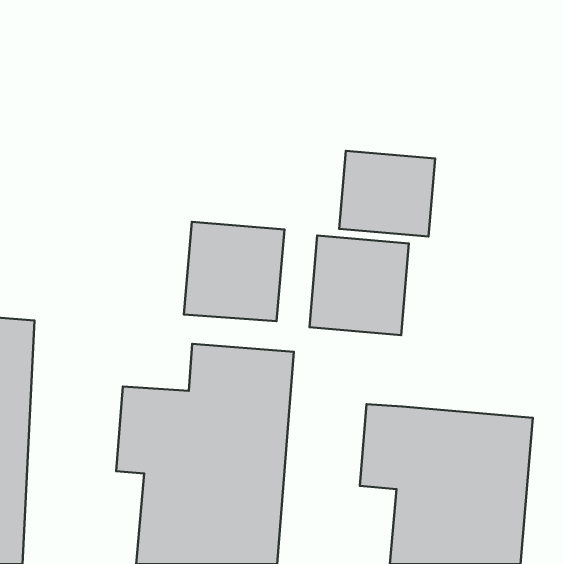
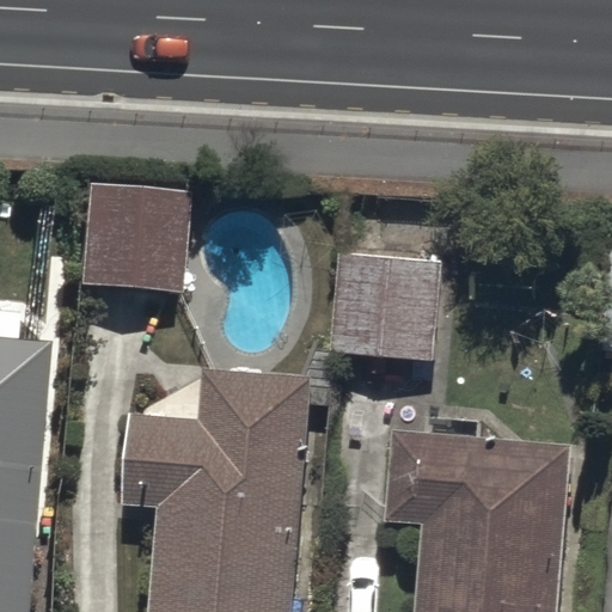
building: [339,151,435,237] -> none
building: [184,222,284,321] -> [73,188,180,294]

